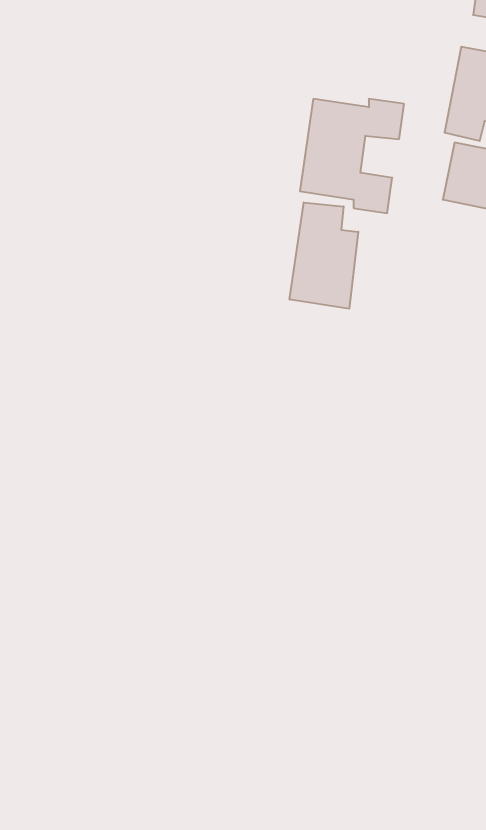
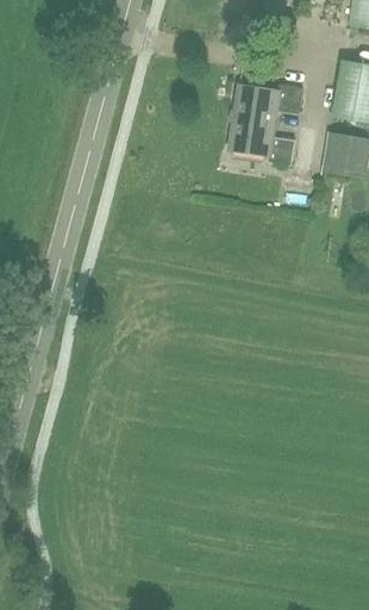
building: [290,202,358,309] -> none

